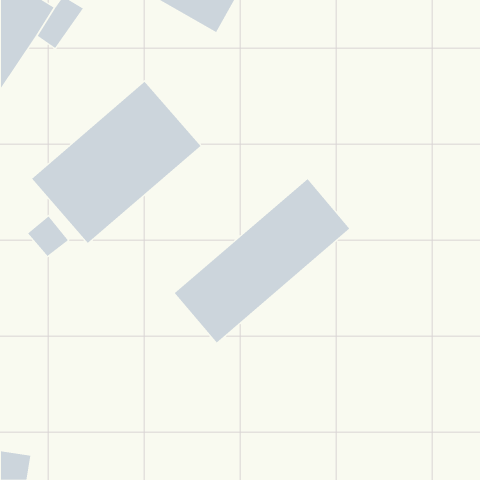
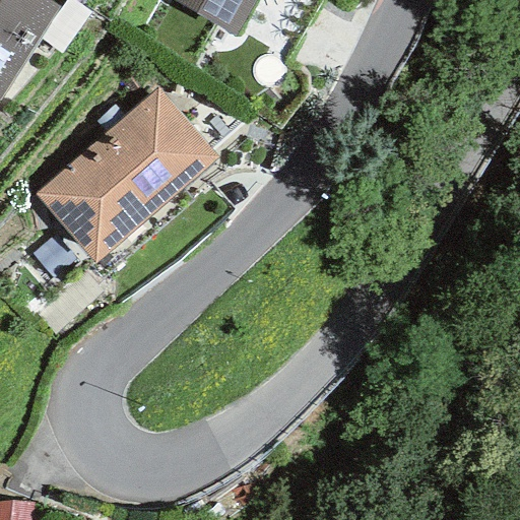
building: [174,178,350,344] -> none

